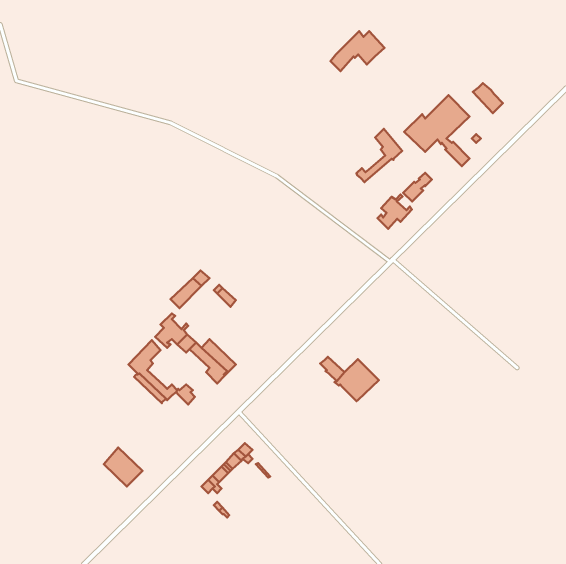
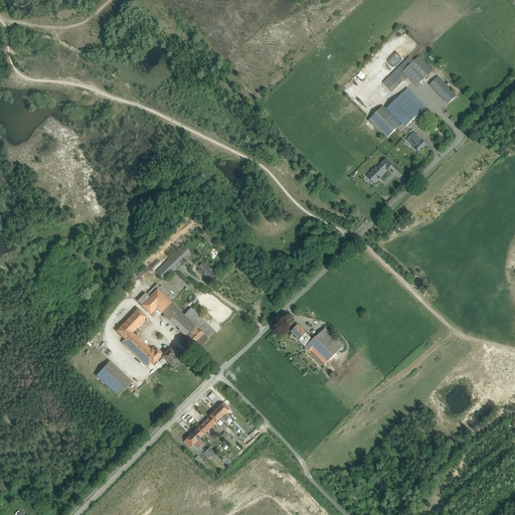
building: [330,31,385,71] -> [383,54,433,91]
building: [356,129,402,182] -> none
building: [378,195,412,229] -> none
building: [104,448,142,486] -> [96,361,131,396]

